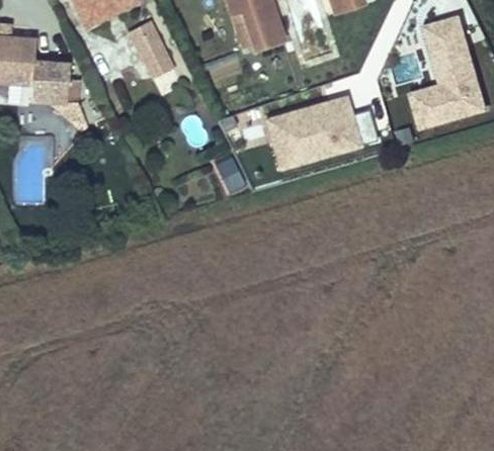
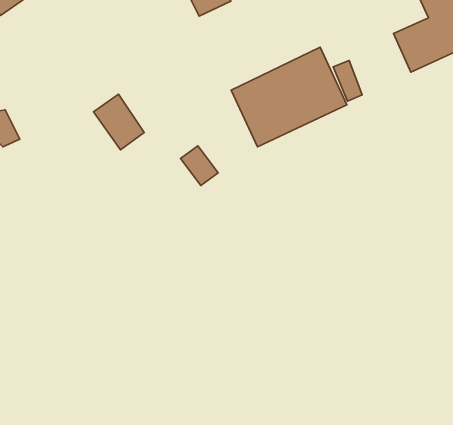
building: [133,29,172,76] -> [93,94,144,150]

